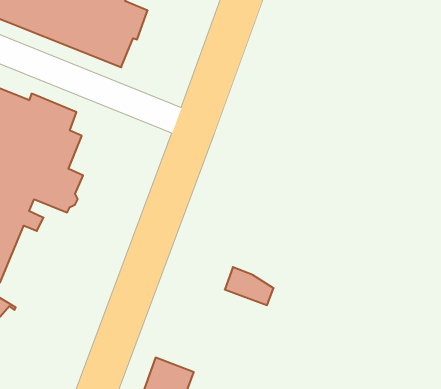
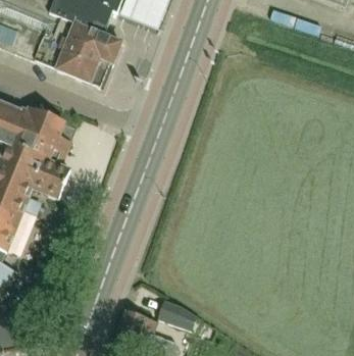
building: [225,267,274,305] -> [158,300,196,329]

